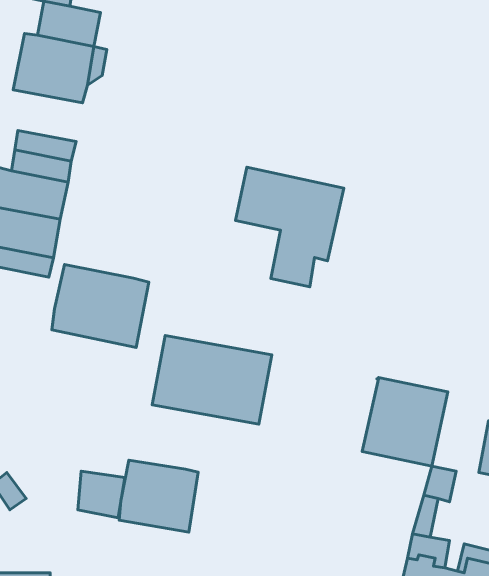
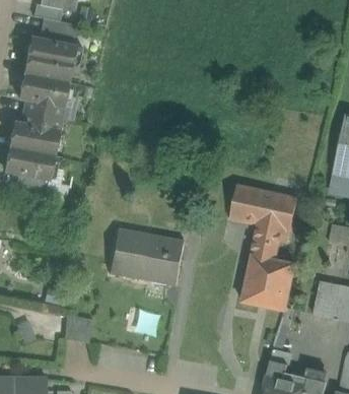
building: none -> [18,74,66,107]
building: [235,167,344,287] -> [229,185,297,260]
building: [52,265,149,347] -> none
building: [119,460,198,532] -> none

